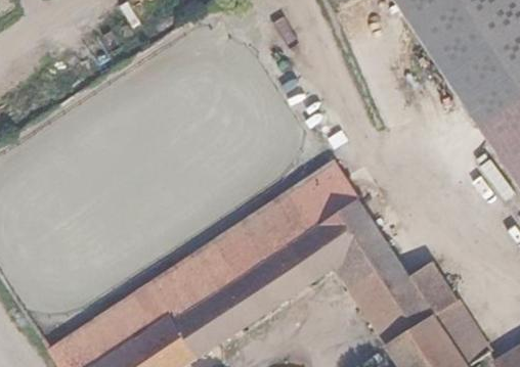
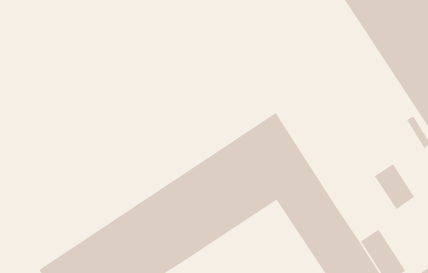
building: [408,262,458,317] -> [374,163,415,210]

